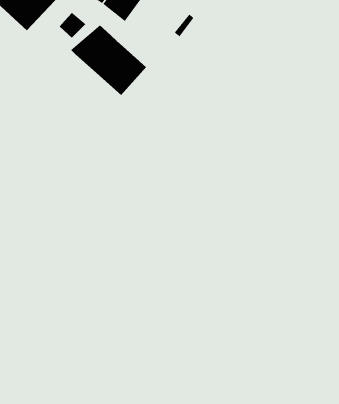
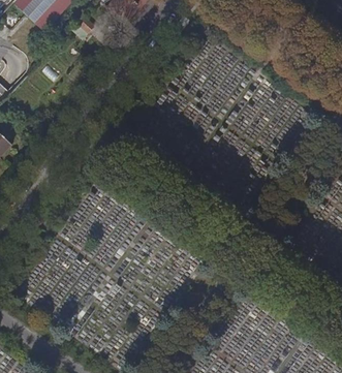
building: [70,24,147,96] -> none

